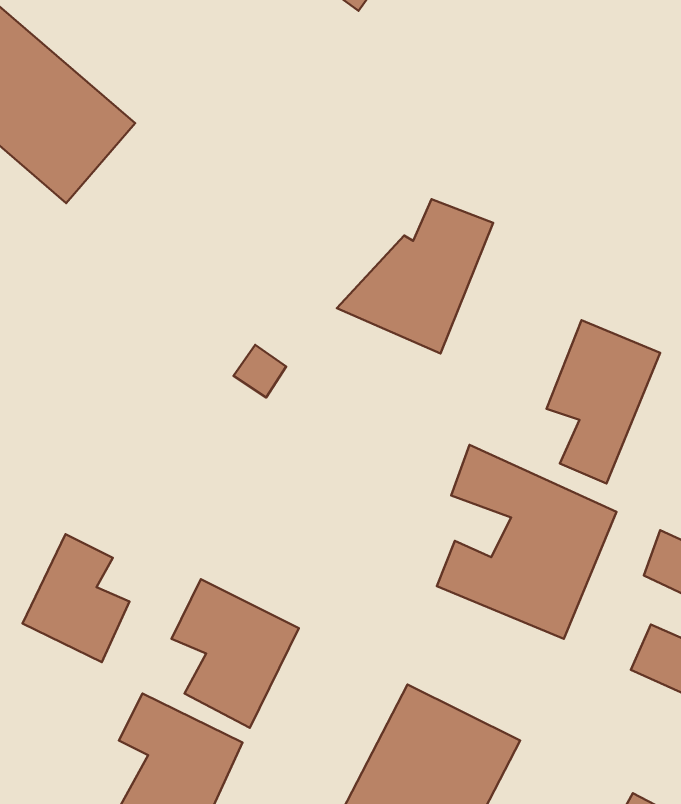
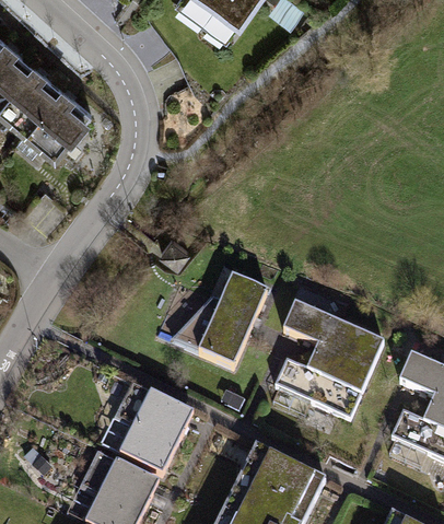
building: [337,199,493,353] -> [170,280,264,373]
building: [547,320,660,483] -> none
building: [22,534,130,662] -> none

